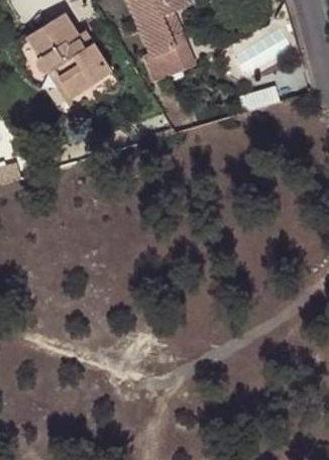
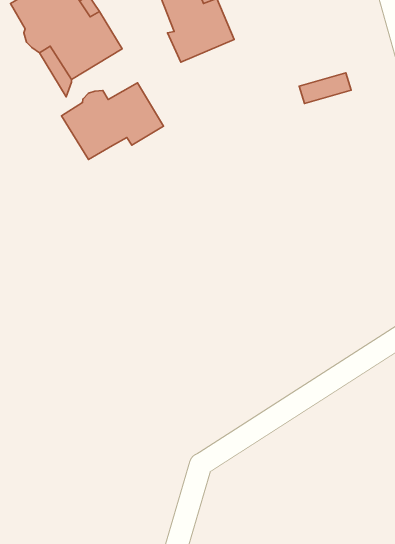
building: none -> [61,83,164,160]

